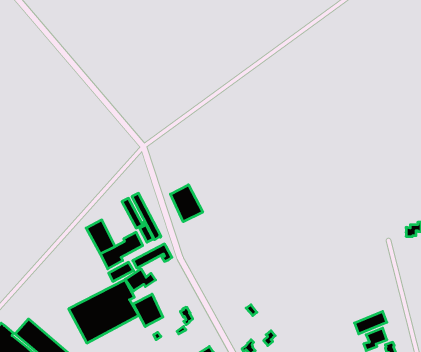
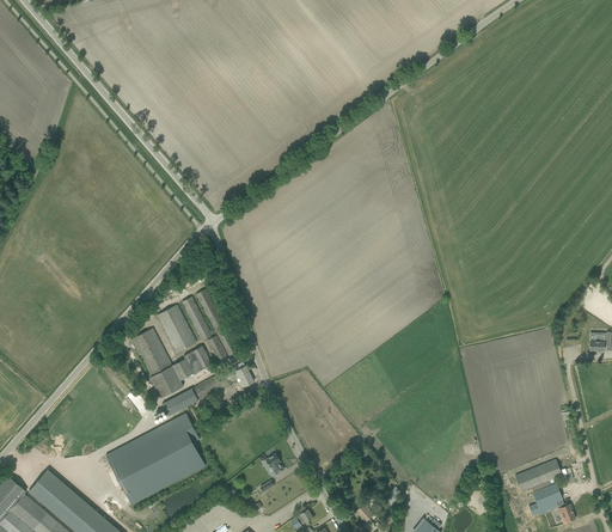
building: [170,185,203,222] -> none
building: none -> [155,305,196,353]
building: [125,269,156,291] -> none
building: [133,294,163,327] -> none

